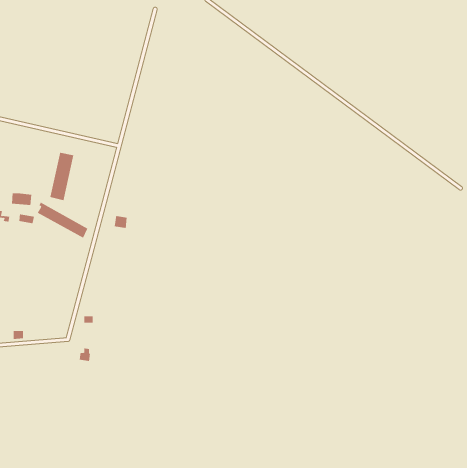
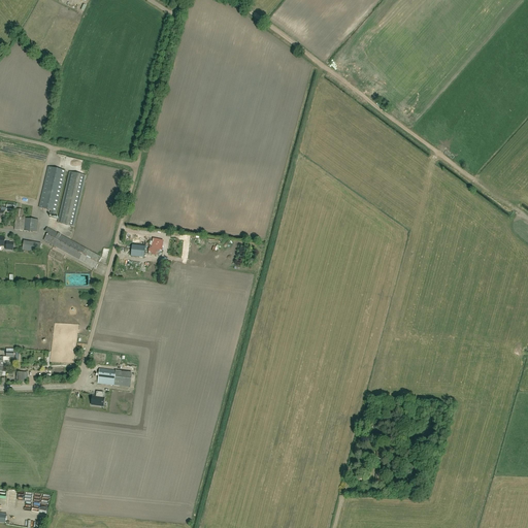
building: none -> [37,166,63,213]
building: none -> [96,368,130,387]

